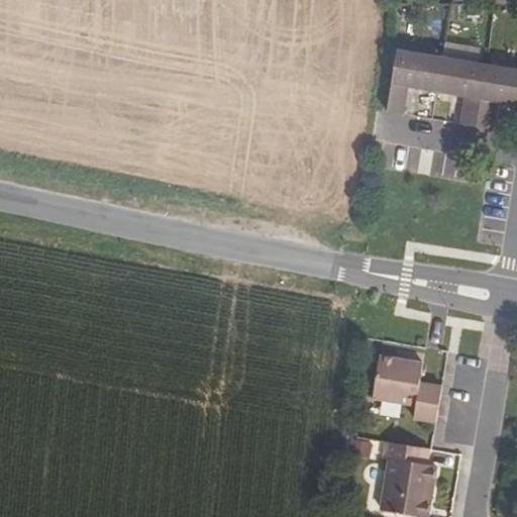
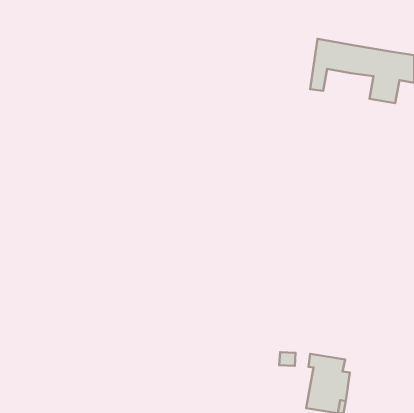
building: [373,354,441,420] -> none

